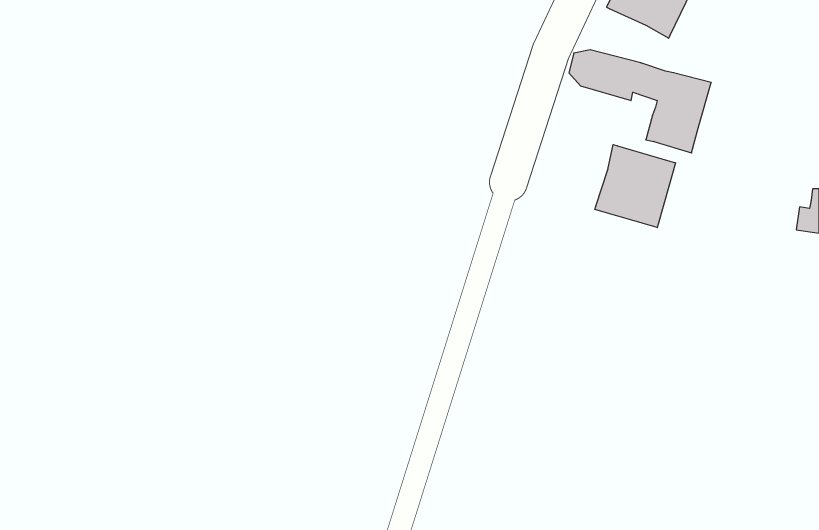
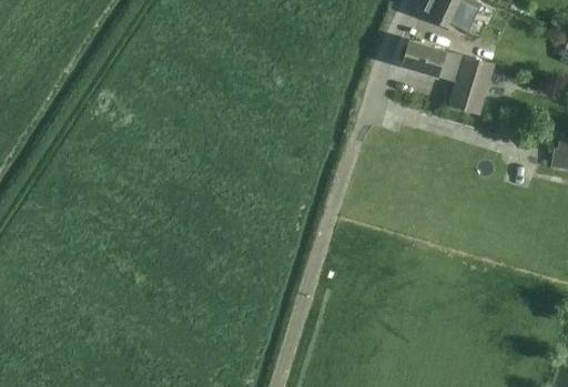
building: [595,145,675,228] -> none

